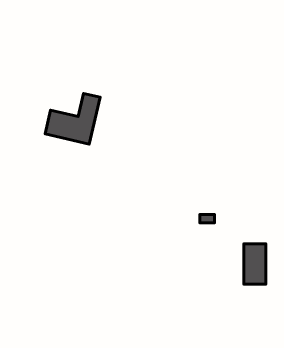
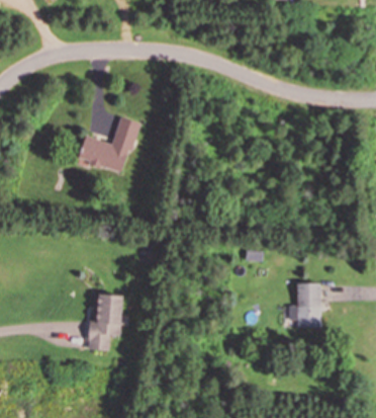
building: none -> [89,295,121,350]

